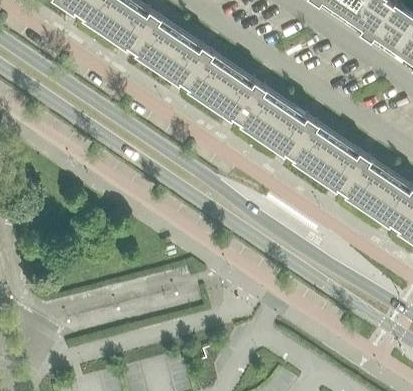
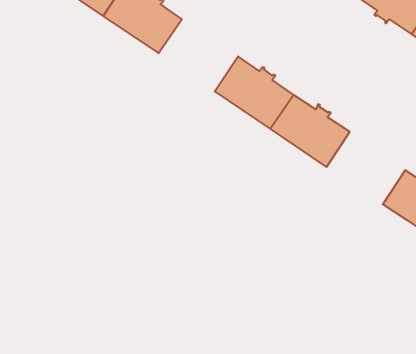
building: [156,38,231,106] -> none
building: [314,144,388,212] -> none

